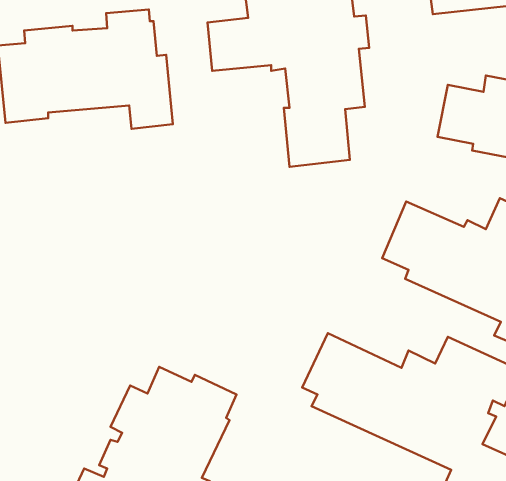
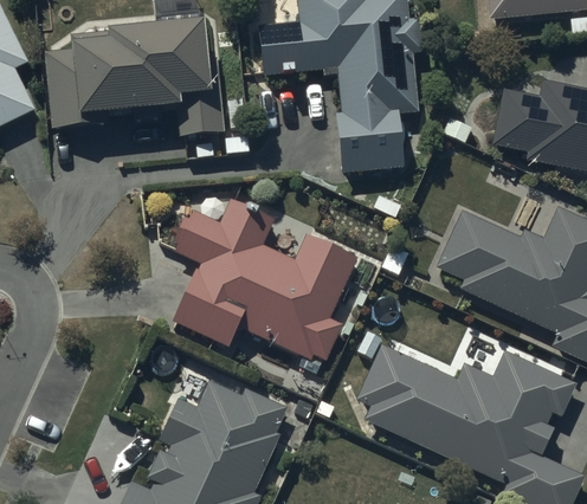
building: none -> [170,199,356,361]

